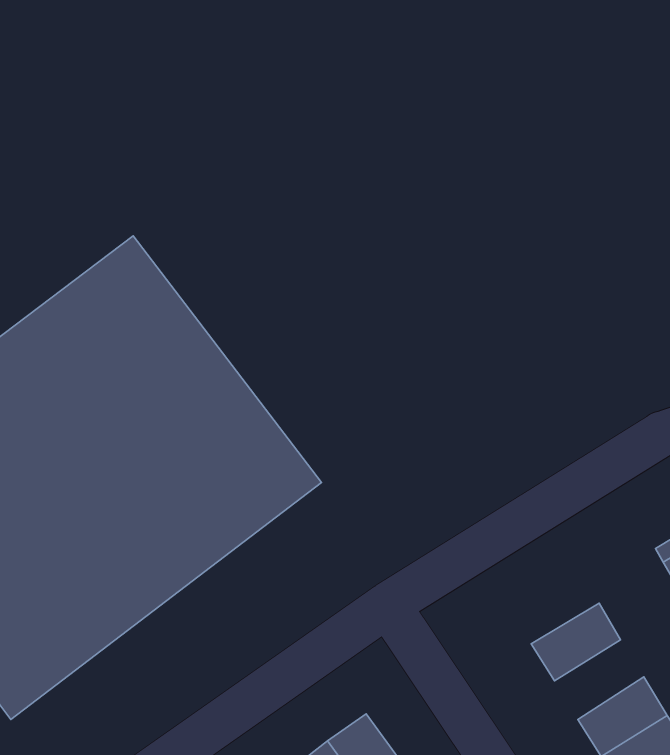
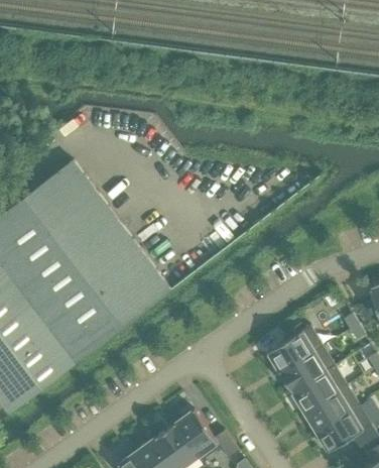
building: none -> [268,331,315,373]
building: none -> [292,371,339,413]

